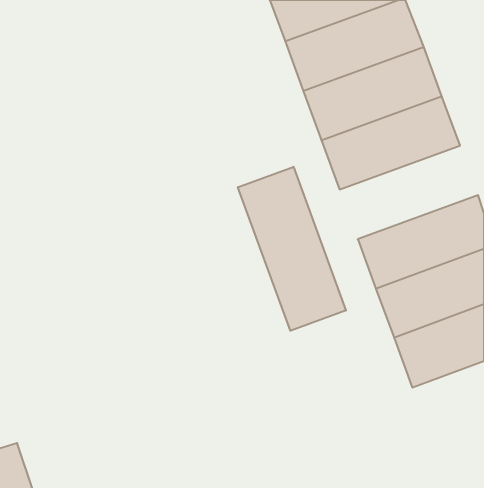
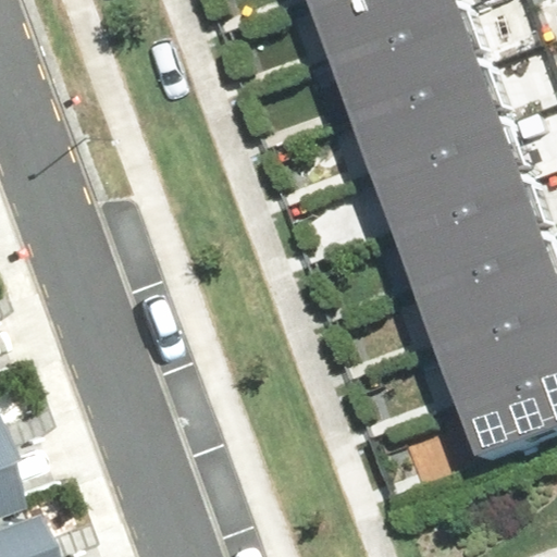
building: none -> [386,166,544,273]
building: [238,167,346,331] -> none

